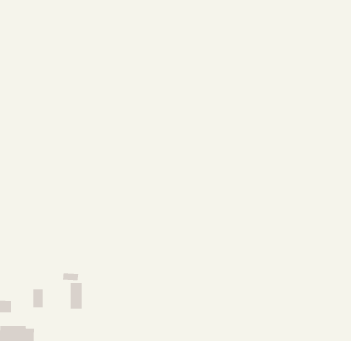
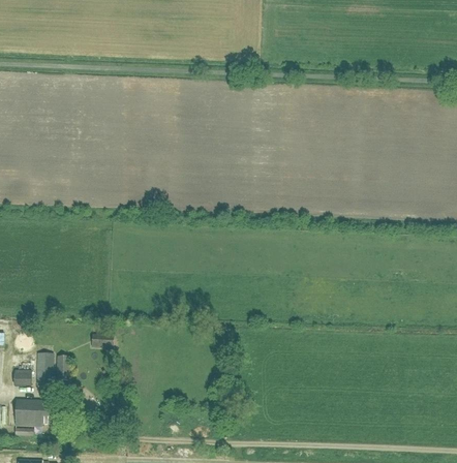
building: [70,282,83,309] -> [36,352,52,385]

